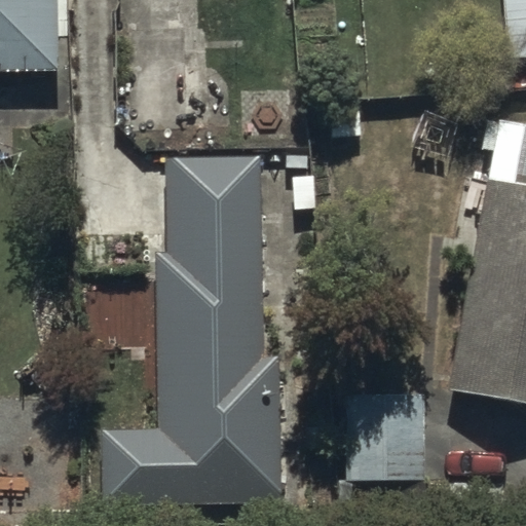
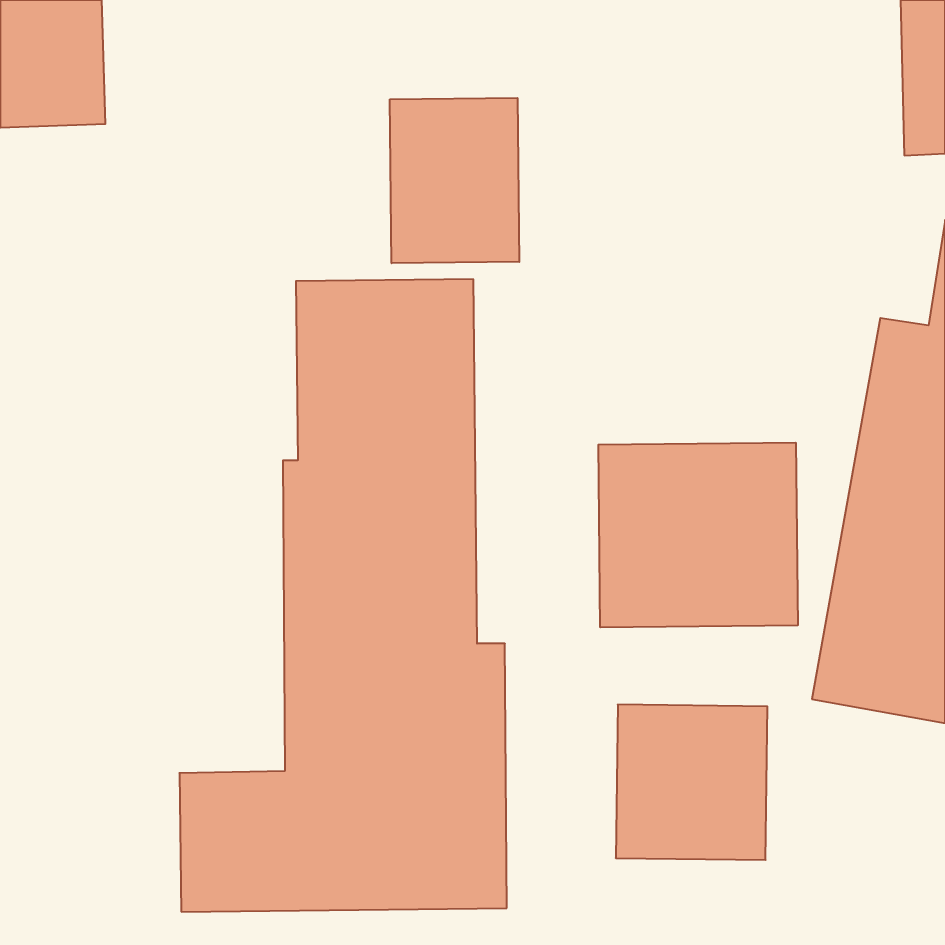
building: none -> [390,98,519,263]
building: none -> [598,443,798,627]

